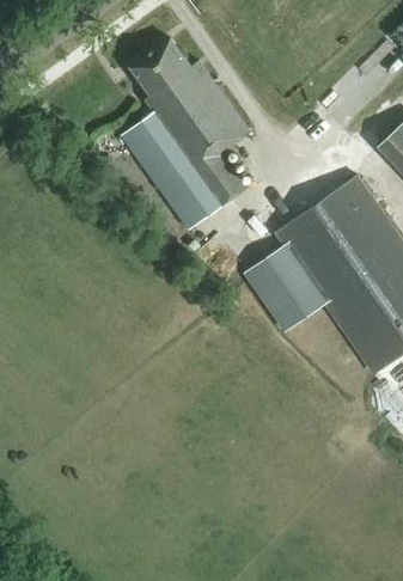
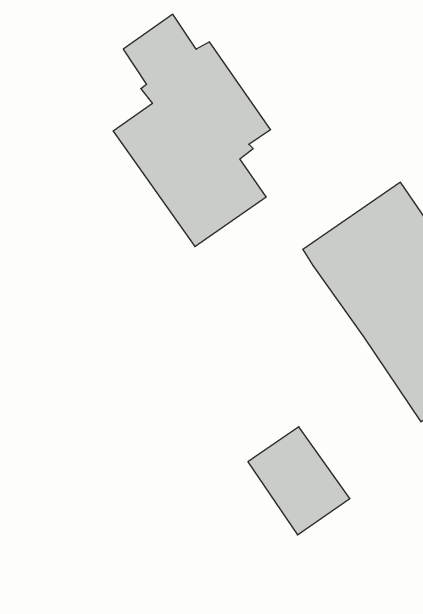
building: [243,244,326,332] -> [248,427,350,535]

